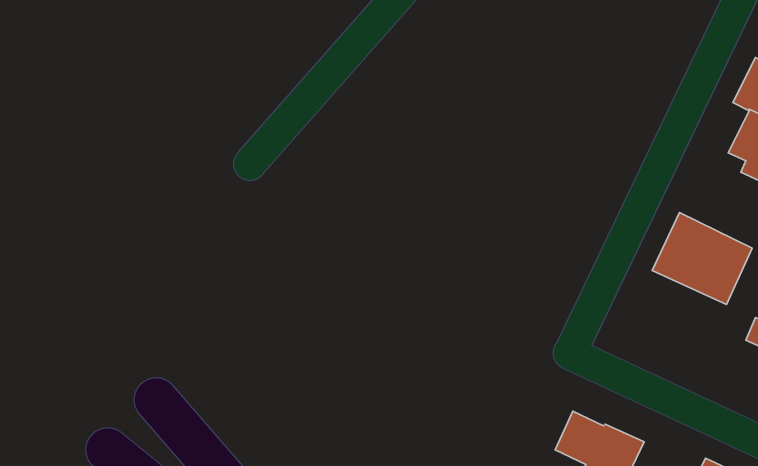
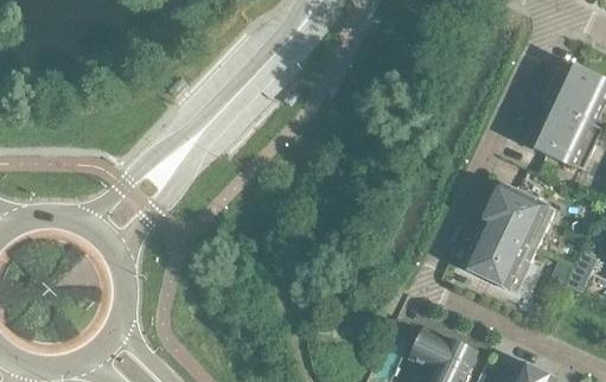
building: none -> [460,224,534,291]

